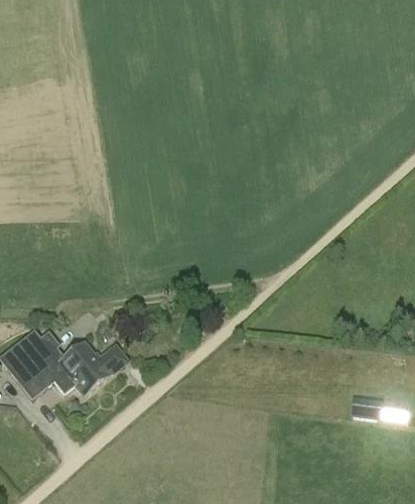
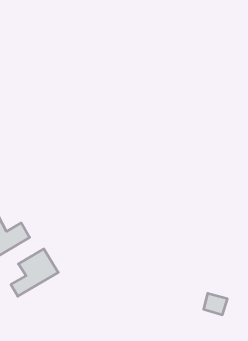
building: none -> [11,249,58,296]

